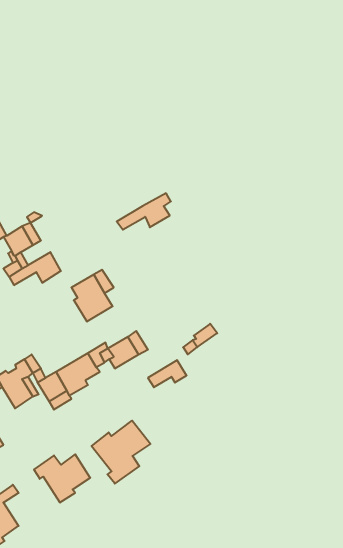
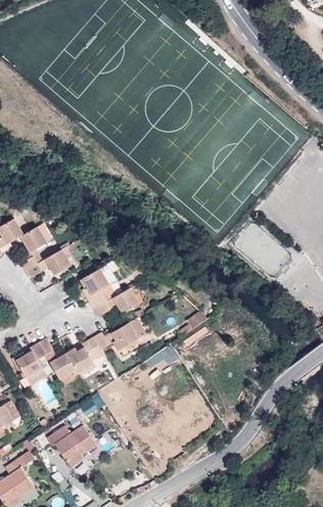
building: [117,193,171,230] -> [94,284,141,316]
building: [92,421,150,484] -> none

